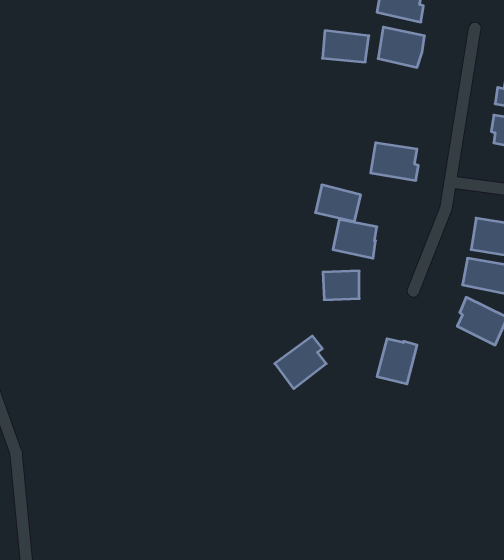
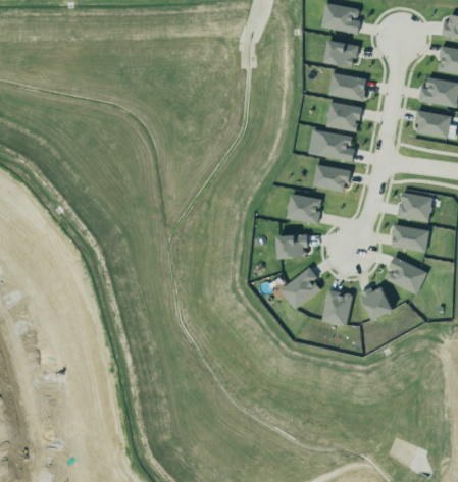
building: [322,31,369,62] -> [329,73,367,99]
building: none -> [326,101,362,131]
building: [315,185,361,221] -> [313,163,350,193]
building: none -> [361,284,394,320]
building: [275,336,326,389] -> [279,267,321,310]

